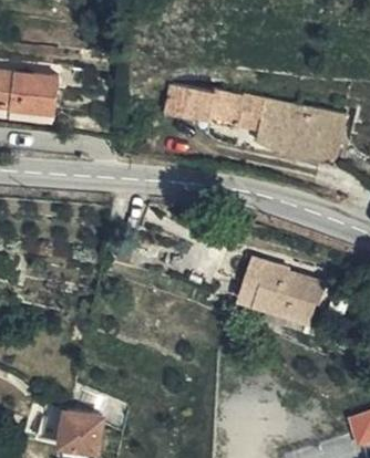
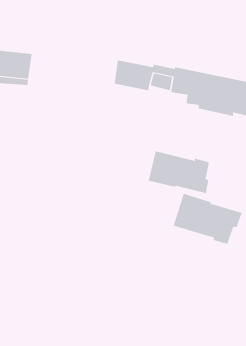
building: none -> [148,150,210,194]
building: [35,400,99,446] -> none

